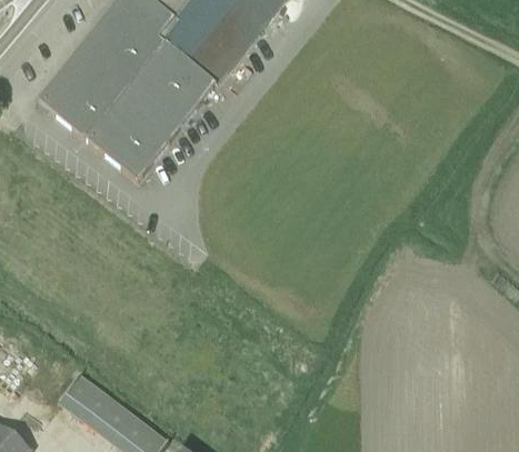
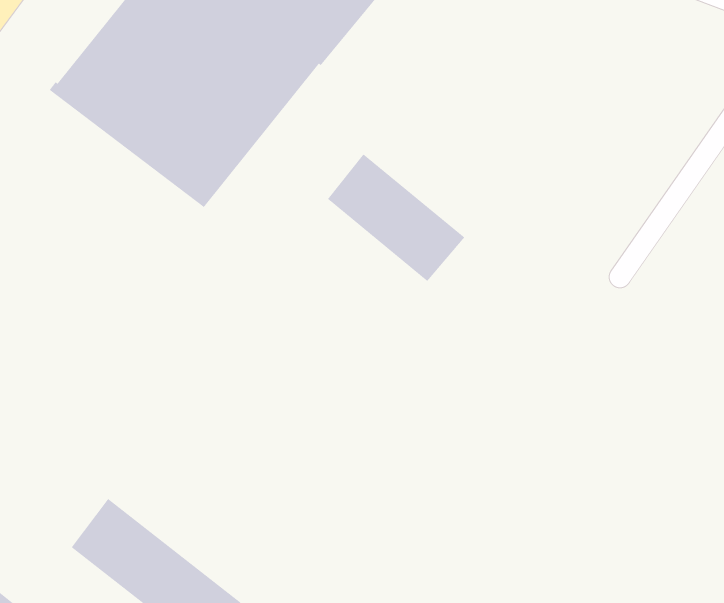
building: none -> [327,153,465,282]

